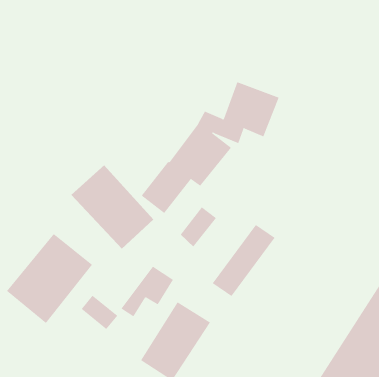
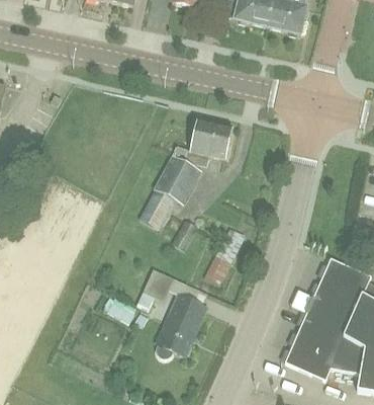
building: [71,164,154,249] -> none
building: [6,233,93,324] -> none

